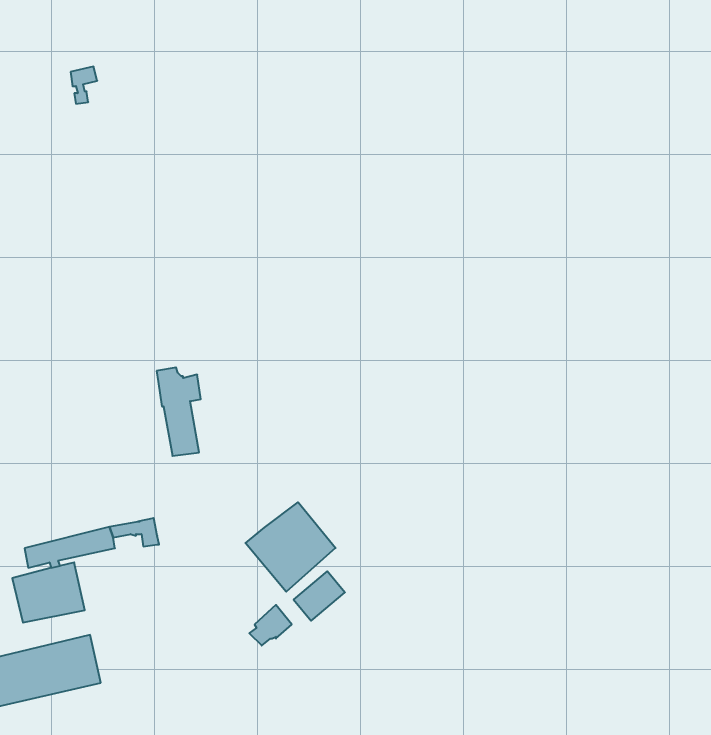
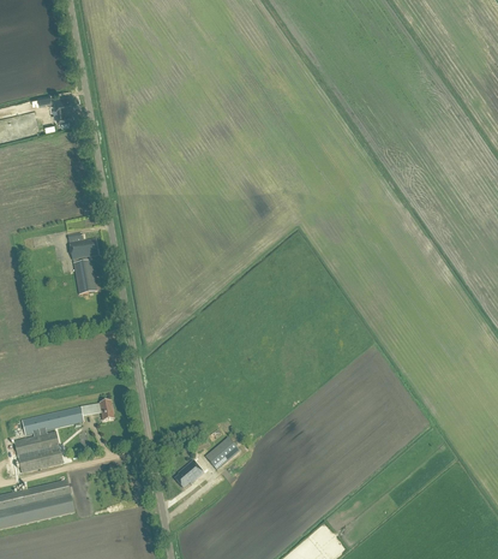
building: [157,367,201,456] -> [68,233,98,293]
building: [245,502,336,592] -> none

